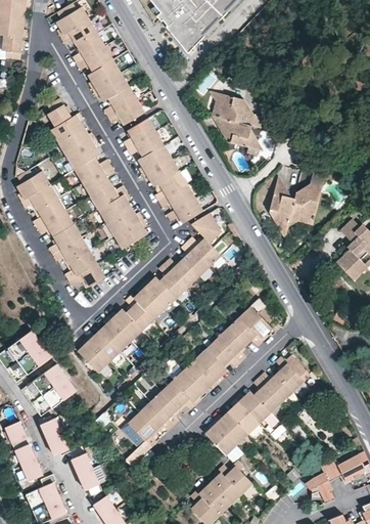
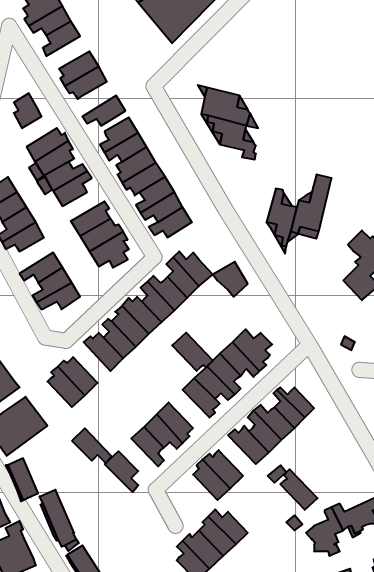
building: [76,46,113,72] -> none
building: [103,86,137,117] -> none
building: [50,112,85,143] -> none
building: [90,183,127,209] -> none
building: [191,212,222,243] -> [213,262,248,297]
building: [48,223,82,255] -> none
building: [99,315,132,351] -> none
building: [183,357,219,391] -> [172,333,213,371]
building: [227,397,260,433] -> [280,469,318,510]
building: [139,400,174,431] -> [72,428,111,463]

